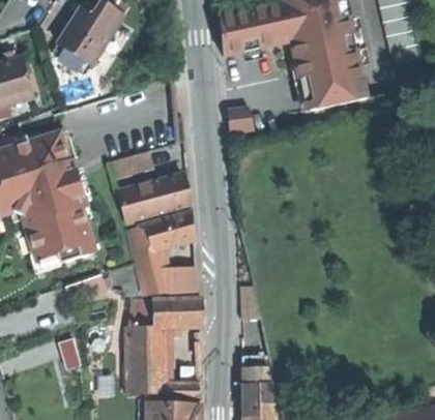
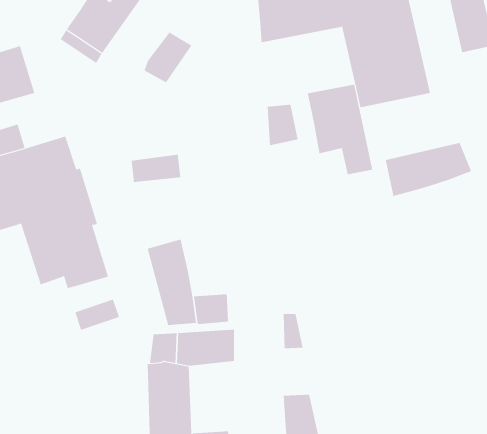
building: none -> [144,32,192,83]
building: none -> [307,84,373,175]
building: none -> [385,142,472,197]
building: [117,174,191,222] -> none
building: [155,211,193,247] -> none

